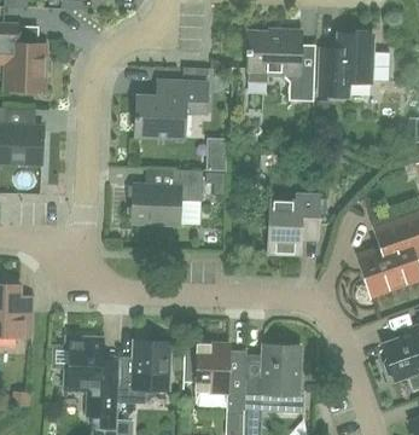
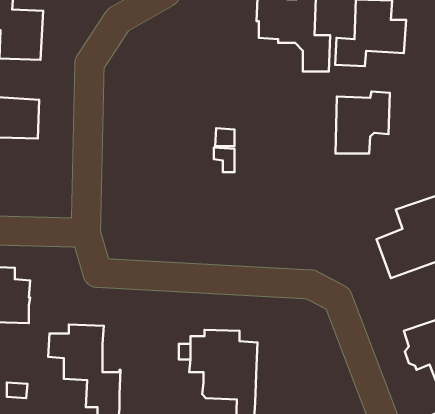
building: [135,80,206,137] -> none
building: [130,169,203,224] -> none
building: [268,195,319,253] -> [335,91,390,153]
building: [117,335,169,404] -> none
building: [244,344,303,412] -> none

